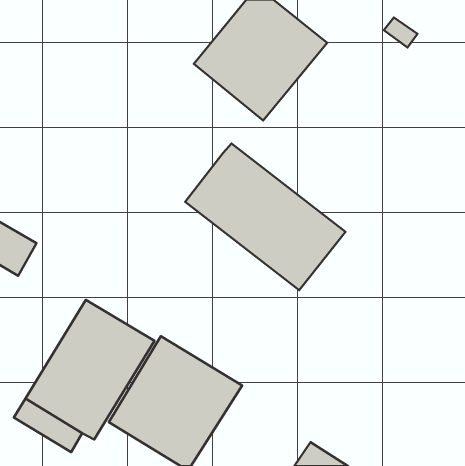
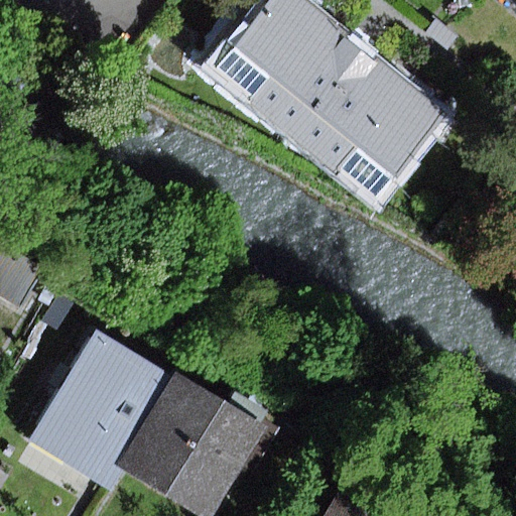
building: none -> [290,47,445,203]
building: [185,143,346,290] -> none

